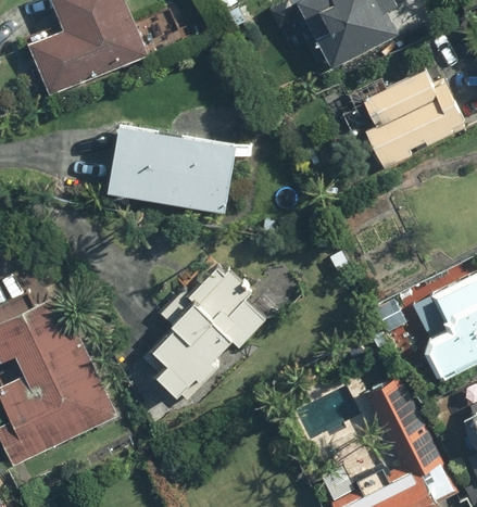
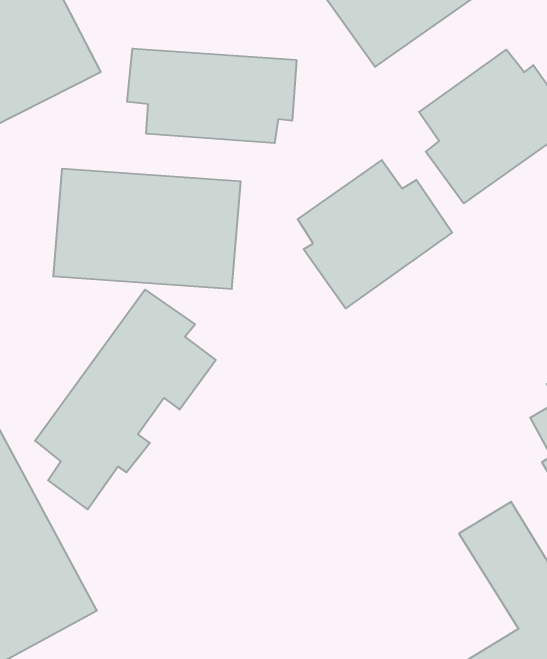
building: none -> [127,48,296,143]
building: none -> [298,160,452,308]
building: [140,264,266,408] -> [35,290,216,509]

